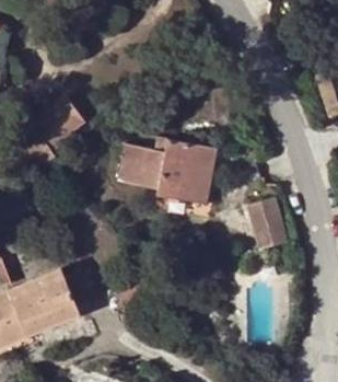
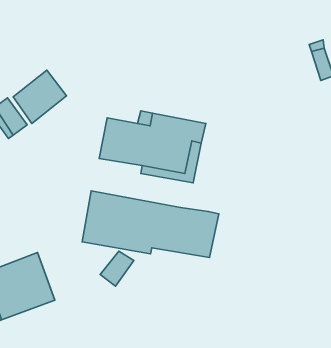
building: [246,197,288,250] -> none
building: none -> [82,191,219,258]

